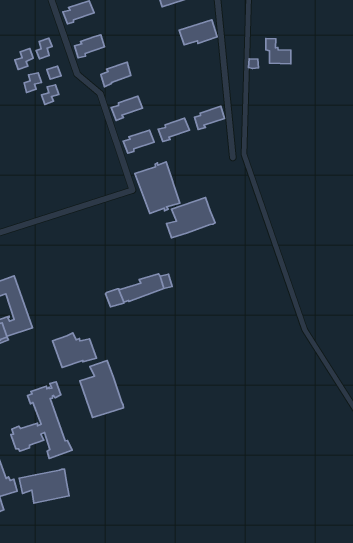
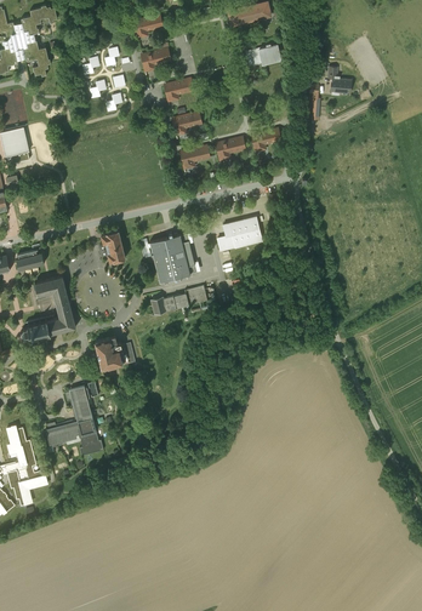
building: [135,162,180,213] -> [148,234,189,282]
building: none -> [98,230,125,263]
building: [80,360,124,418] -> none
building: [19,469,69,503] -> none

